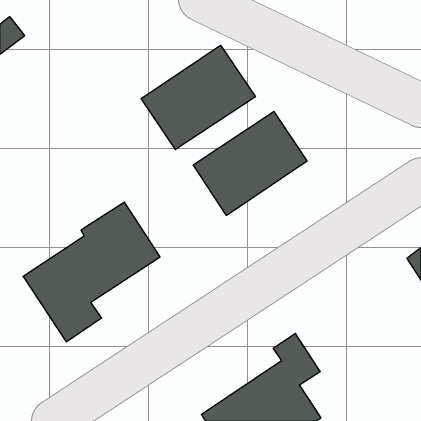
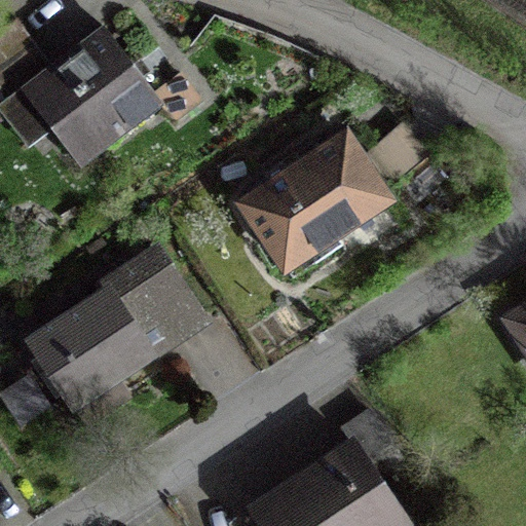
building: none -> [18,29,158,167]
building: [141,45,255,150] -> none

